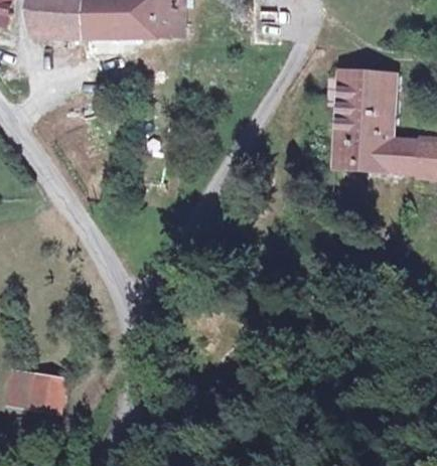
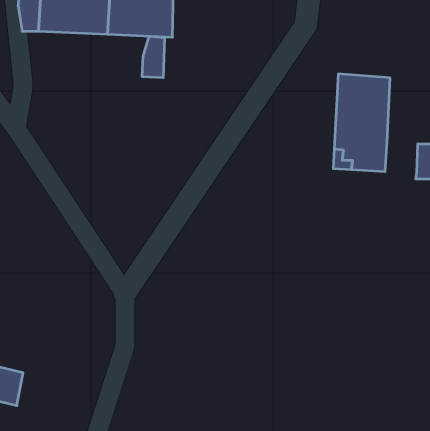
building: none -> [142,36,164,78]
building: [391,143,423,173] -> none
building: [26,371,55,410] -> none

